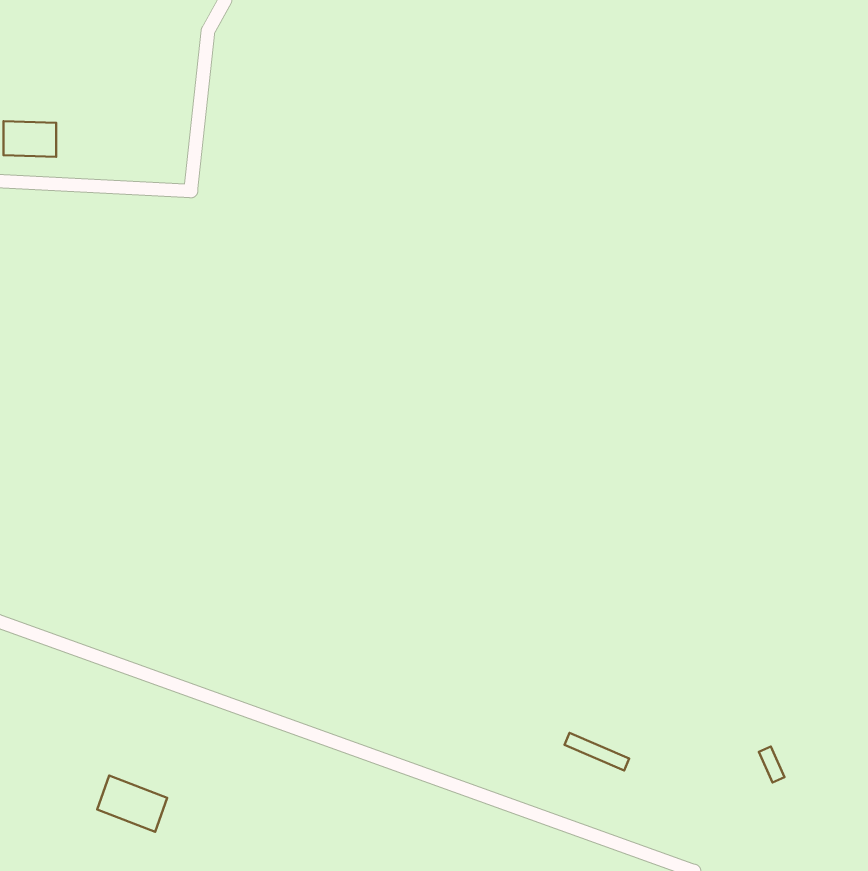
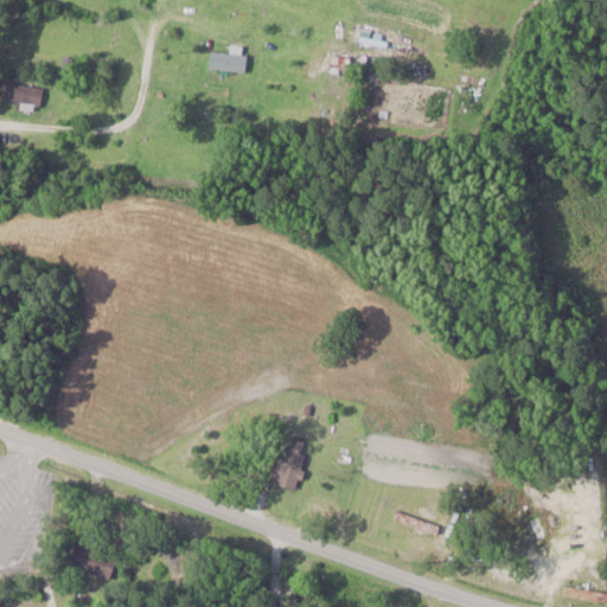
building: none -> [209,51,244,71]
building: none -> [270,446,306,490]

